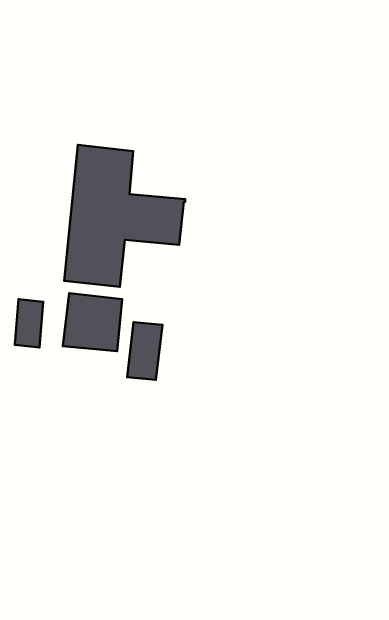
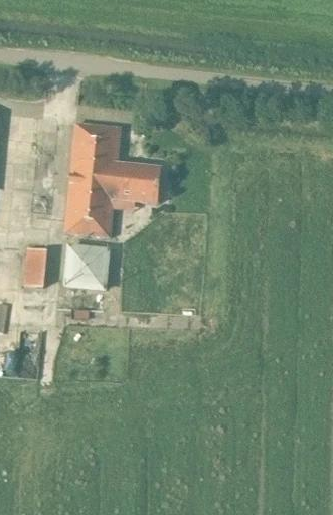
building: [127,322,162,380] -> none

